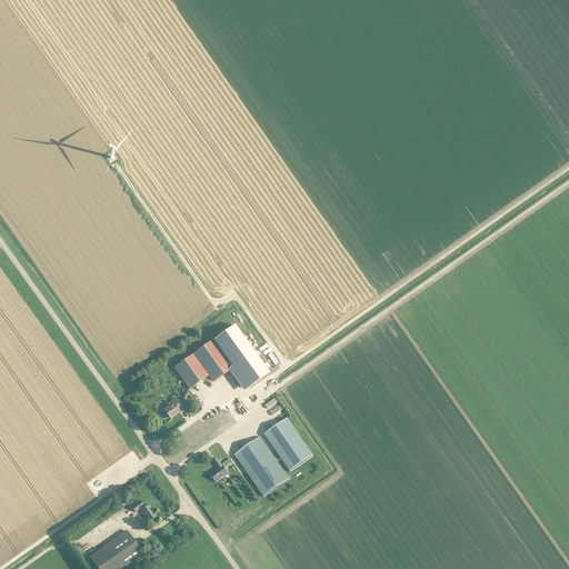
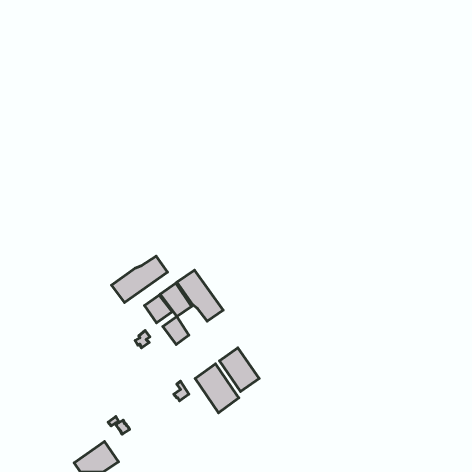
building: none -> [112,256,168,303]
building: none -> [163,317,189,345]

